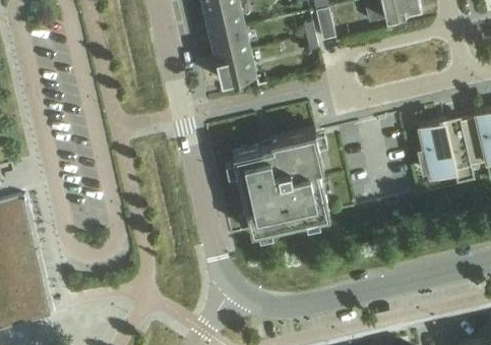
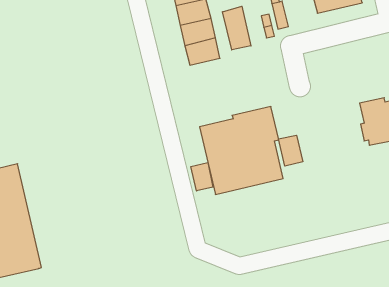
building: none -> [222,6,251,50]
building: none -> [279,135,303,166]
building: none -> [191,162,213,191]

